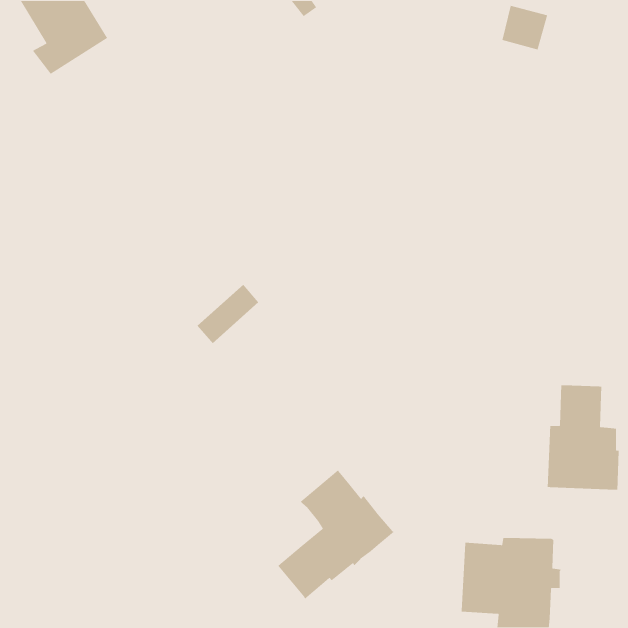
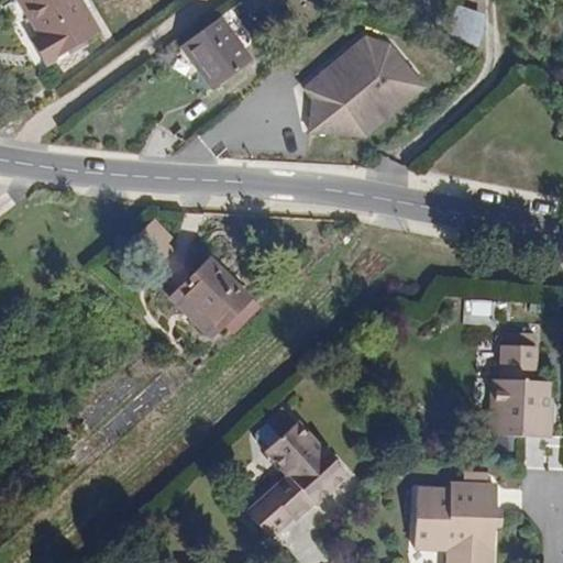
building: none -> [181,21,247,89]
building: none -> [299,34,424,139]
building: none -> [190,271,254,332]

